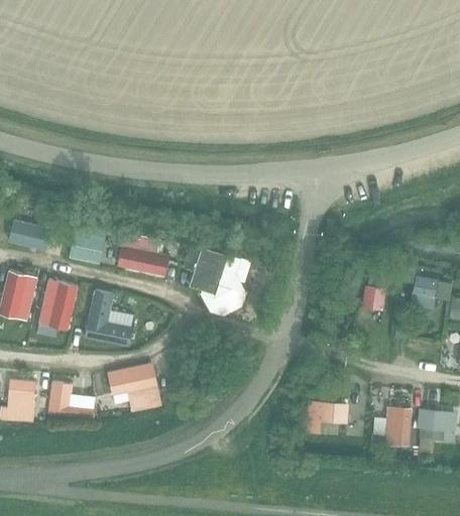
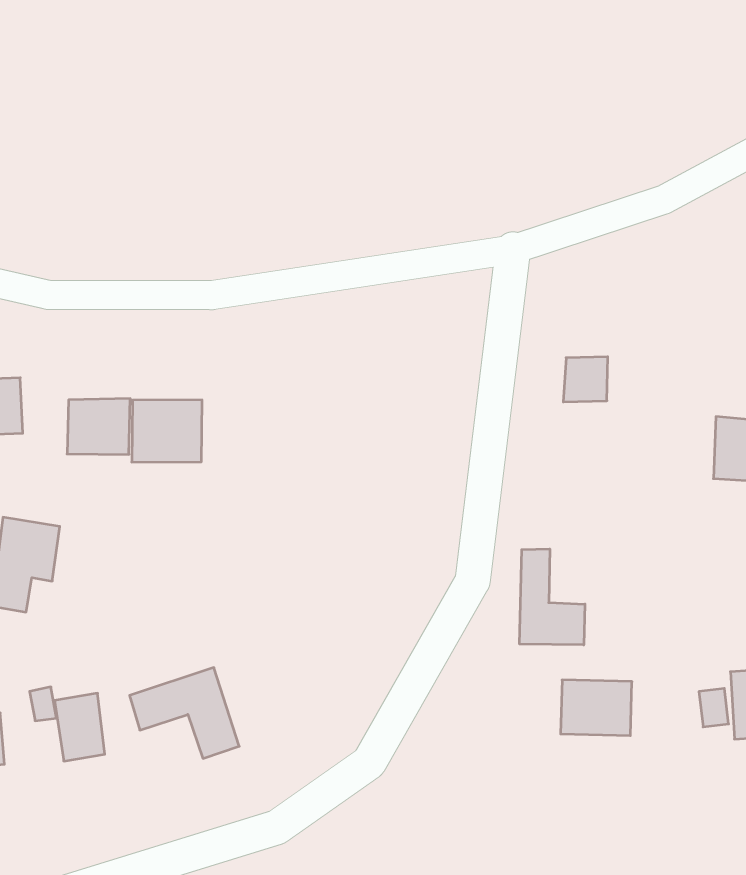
building: [190,249,246,317] -> none
building: [361,285,386,309] -> [563,357,608,402]
building: [85,290,133,347] -> none
building: none -> [520,549,585,645]

